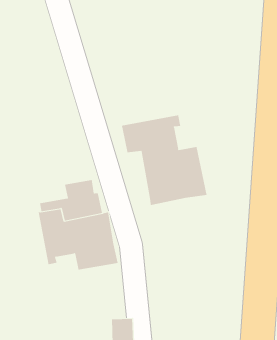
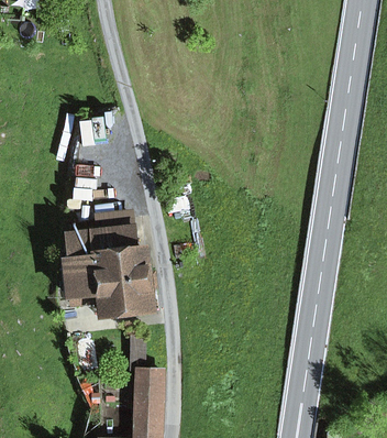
building: [121,115,207,206] -> none

